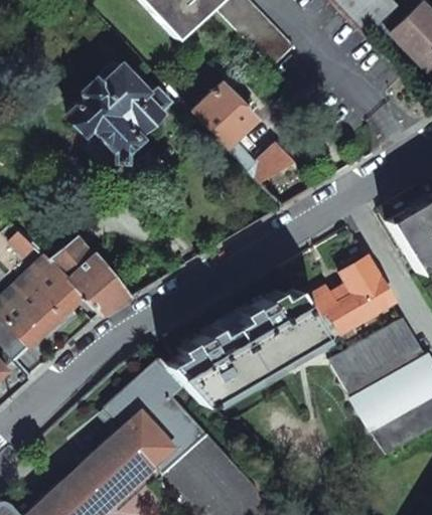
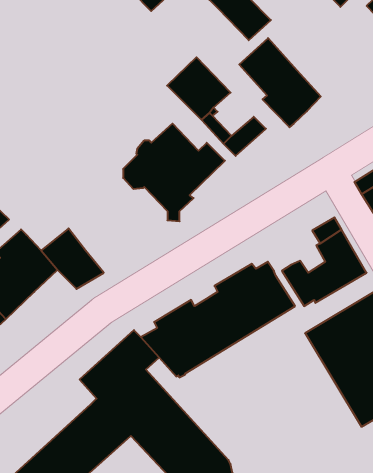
building: [71,65,173,163] -> [123,124,225,221]
building: none -> [239,38,321,127]
building: [52,239,95,279] -> none

